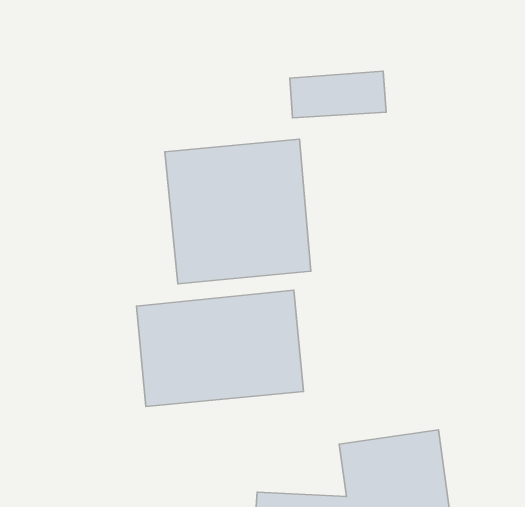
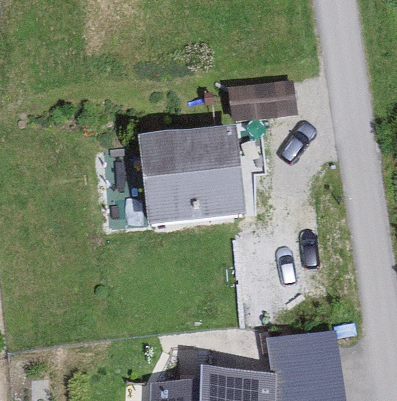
building: [136,290,303,406] -> none

